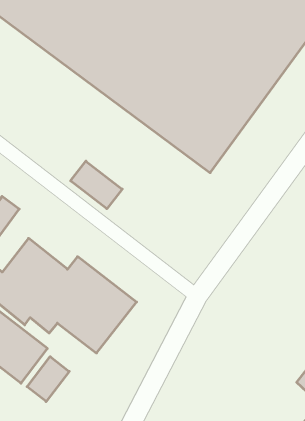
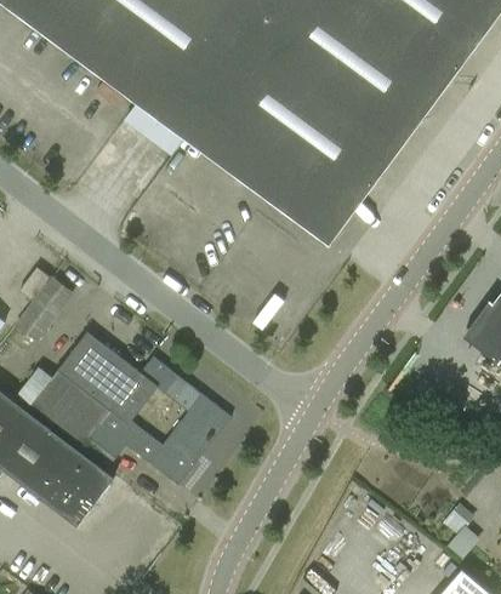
building: [71,161,122,209] -> none
building: [27,357,69,402] -> none

